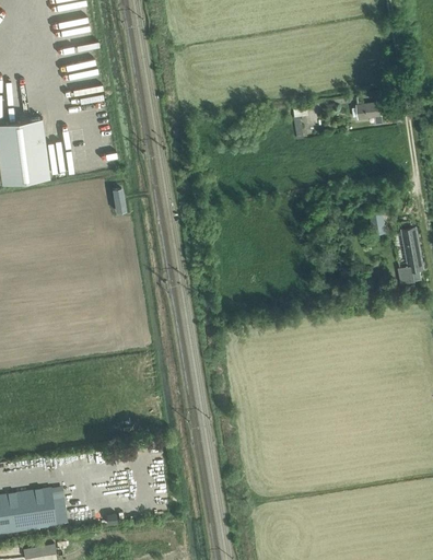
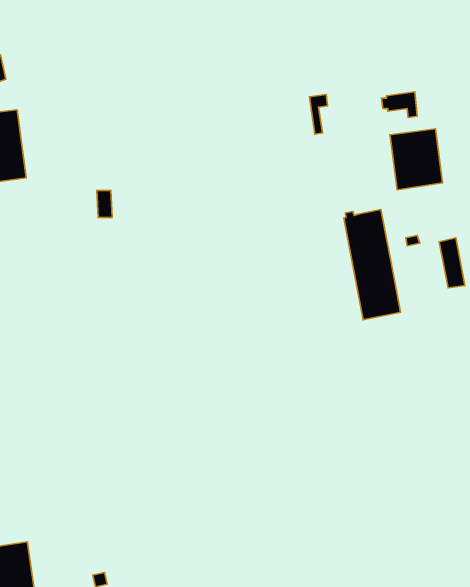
building: none -> [390,129,443,190]
building: none -> [344,210,400,320]

